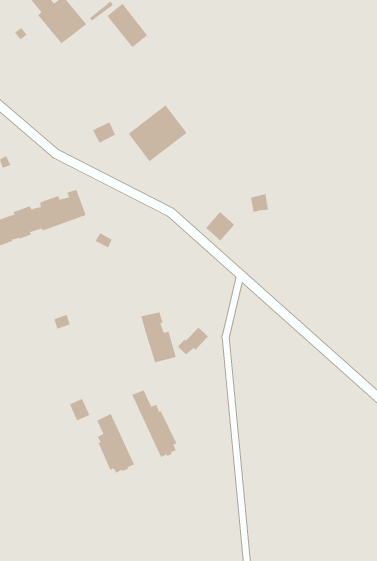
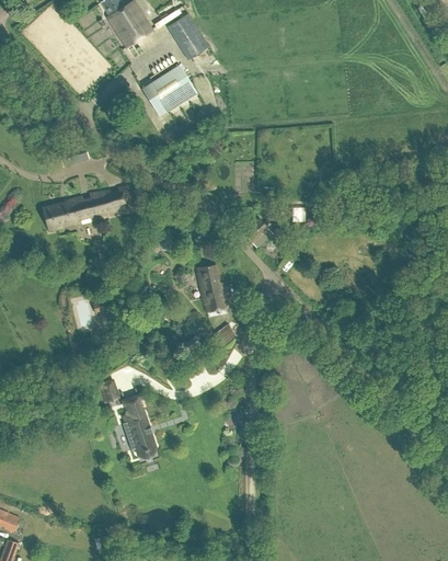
building: [128,104,187,162] -> [140,65,196,117]
building: [141,312,176,363] -> [198,264,228,311]
building: [132,390,177,458] -> none

